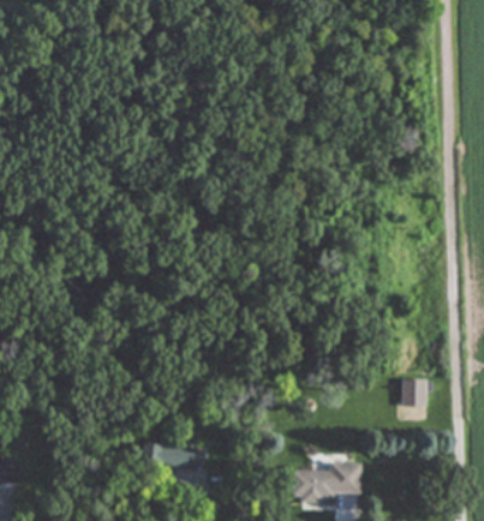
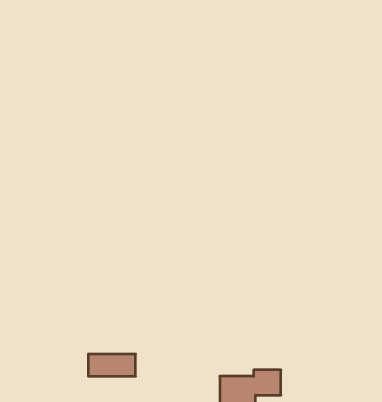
building: [401,379,426,407] -> none

